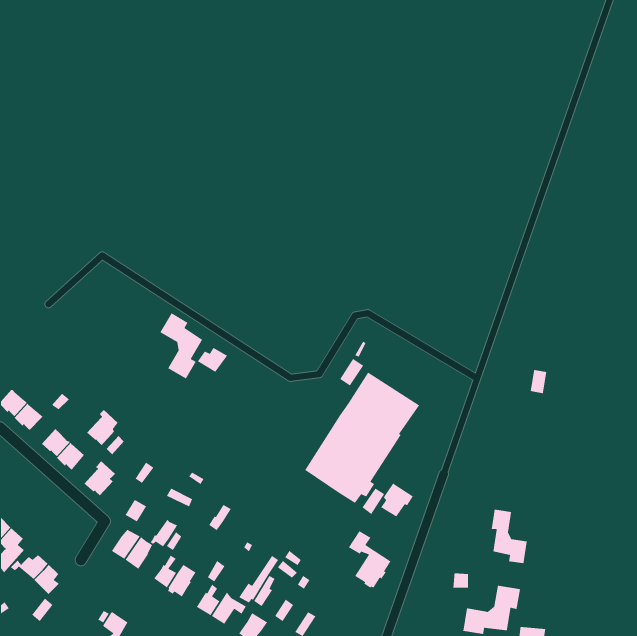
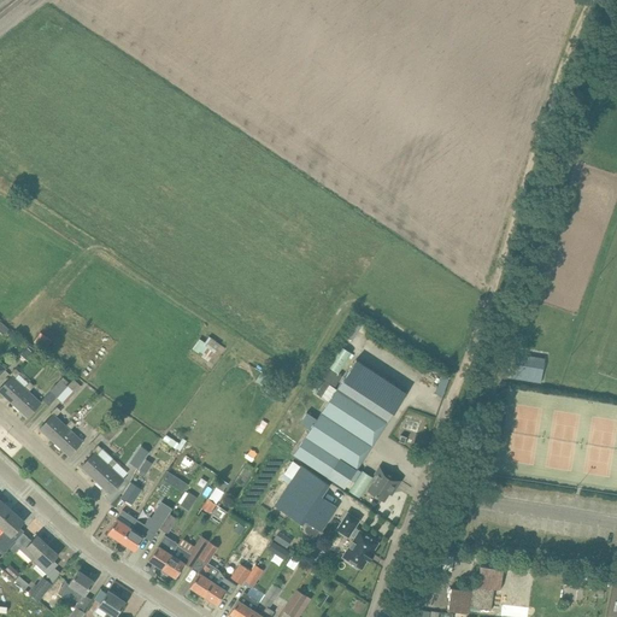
building: [158,312,203,381] -> none
building: [86,409,119,447] -> [95,459,127,495]
building: none -> [274,464,336,537]
building: [491,507,529,564] -> none
building: none -> [58,571,94,603]

